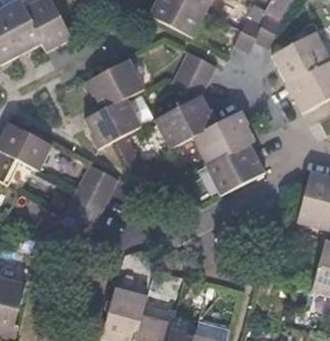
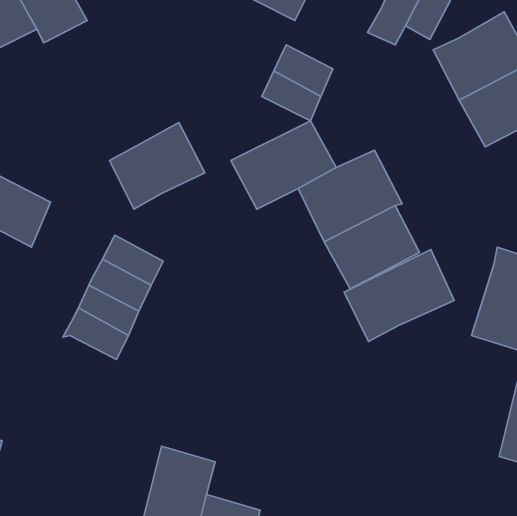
building: [88,58,144,109] -> none
building: none -> [344,250,454,342]

